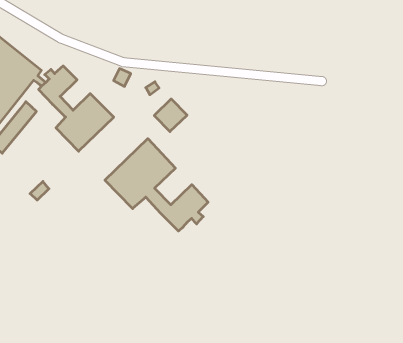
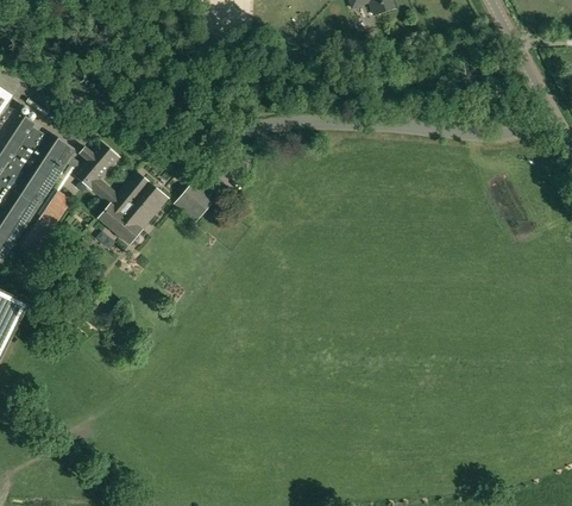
building: [154,99,187,132] -> [174,181,214,221]
building: [105,139,208,231] -> none

